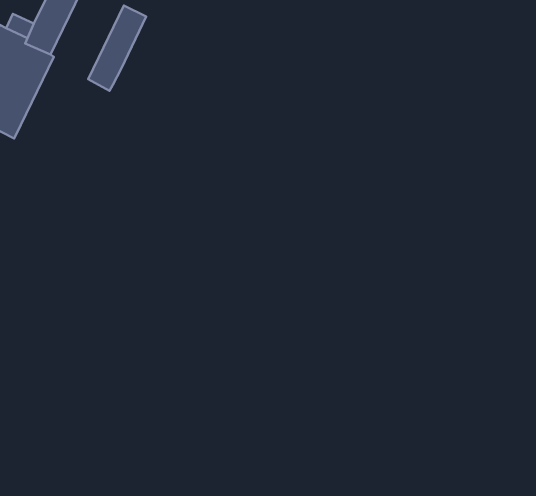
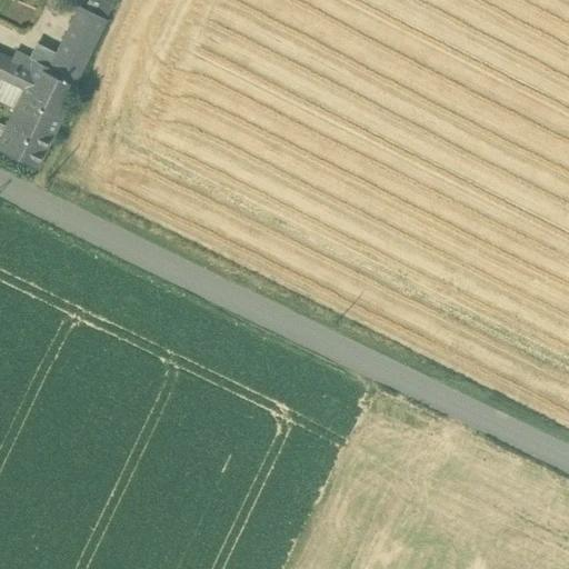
building: [88,6,146,91] -> none

